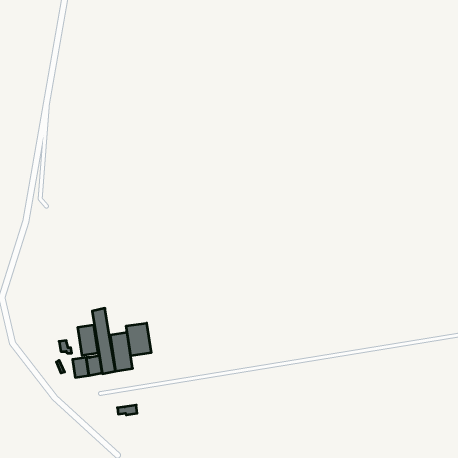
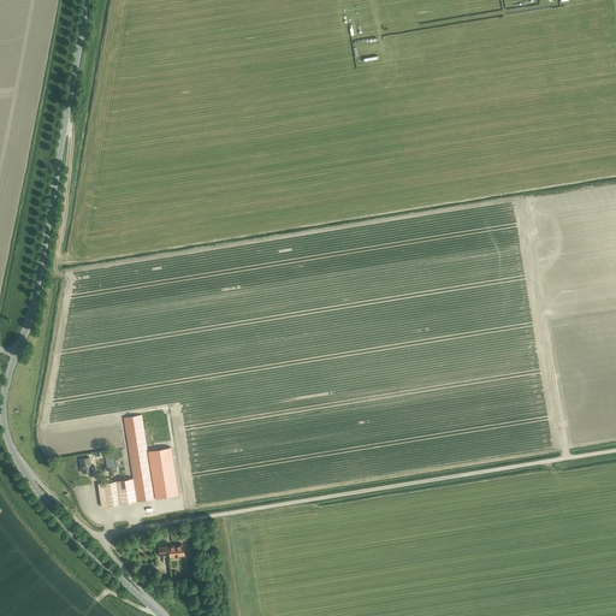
building: [126,323,151,356] -> none
building: [78,325,98,355] -> none

